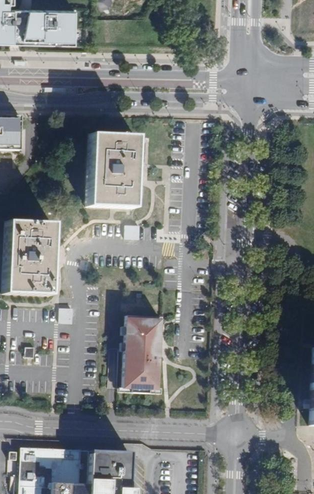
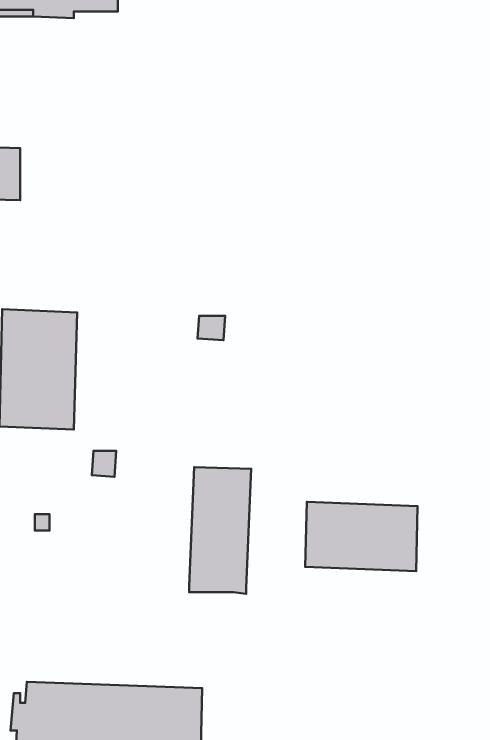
building: [87,132,136,206] -> none
building: none -> [305,502,417,571]

